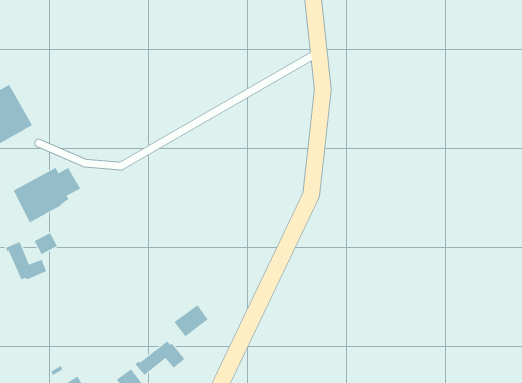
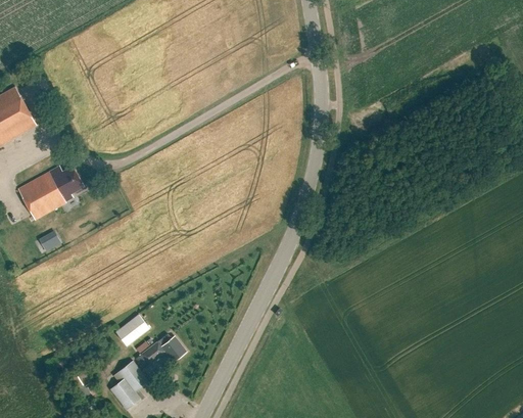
building: [5,241,47,280] -> none
building: [174,304,208,337] -> [115,315,149,346]

